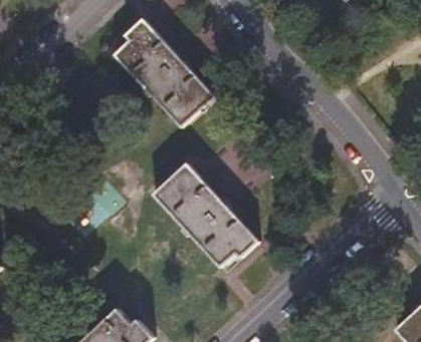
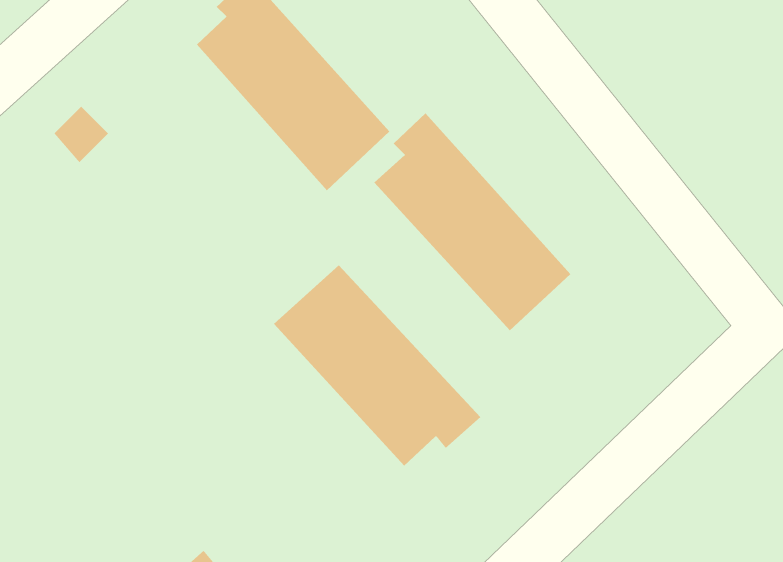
building: none -> [374,112,571,331]

